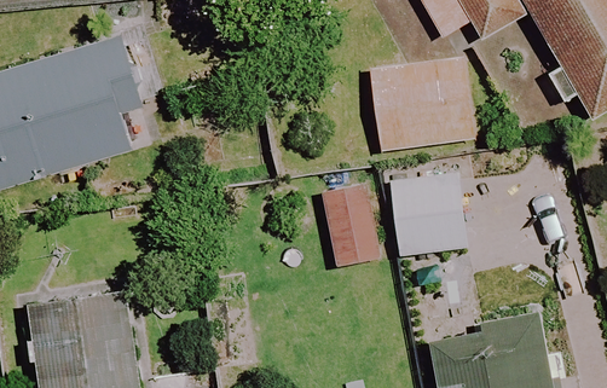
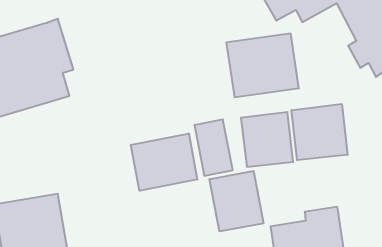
building: none -> [292,104,348,160]
building: none -> [131,133,197,191]
building: none -> [209,171,263,231]

